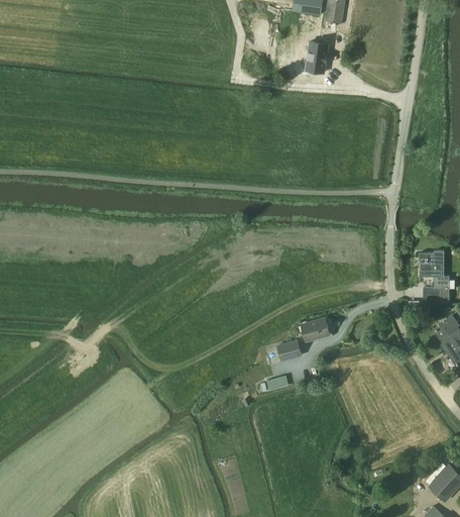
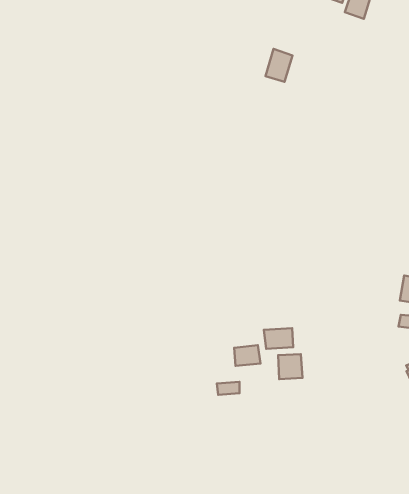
building: [304,40,325,69] -> [265,49,292,82]
building: none -> [278,354,302,379]

